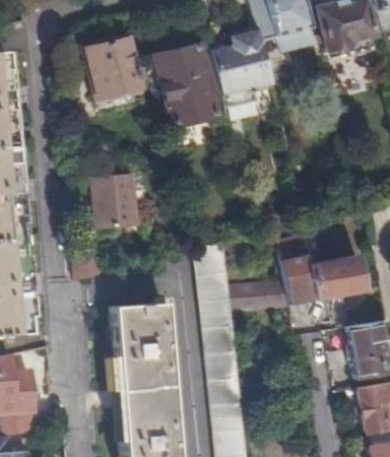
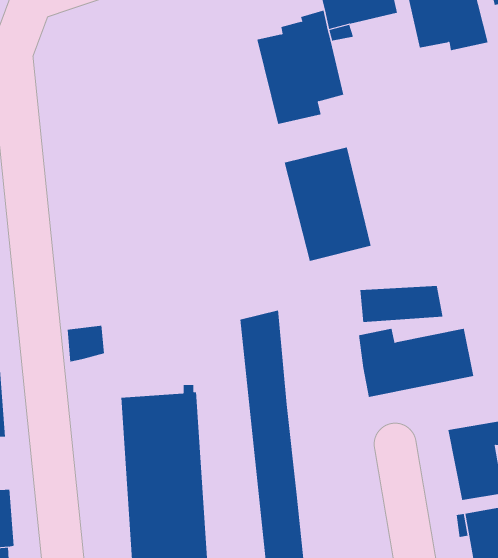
building: [85,40,141,109] -> none
building: [152,45,215,127] -> [284,147,372,261]
building: [90,174,135,230] -> none
building: [230,284,289,311] -> [360,286,443,322]

